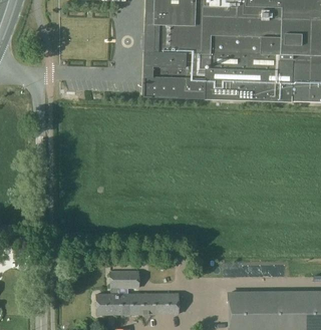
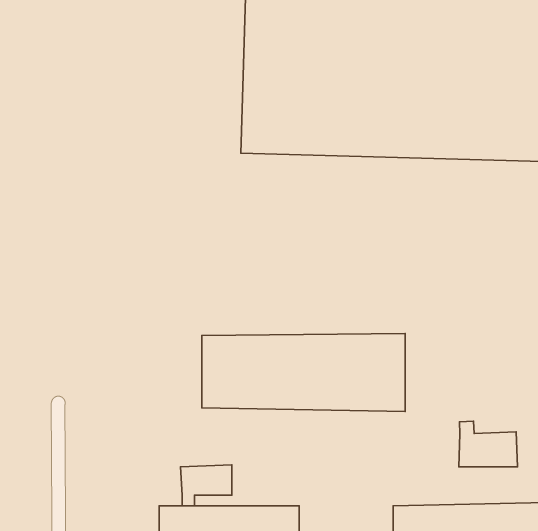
building: none -> [202,333,405,412]
building: none -> [459,421,518,467]

